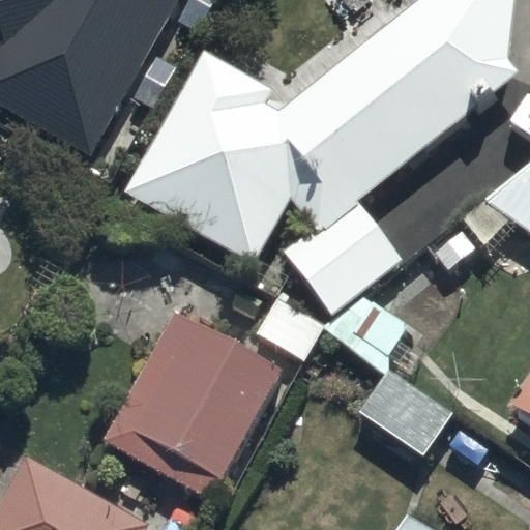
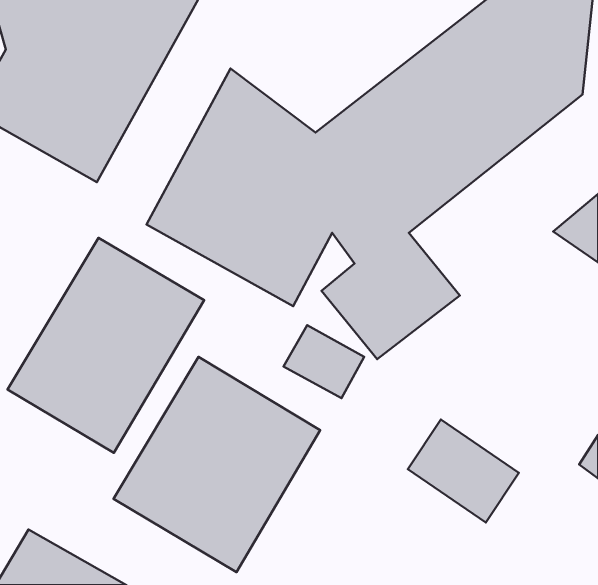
building: none -> [7,238,204,453]

